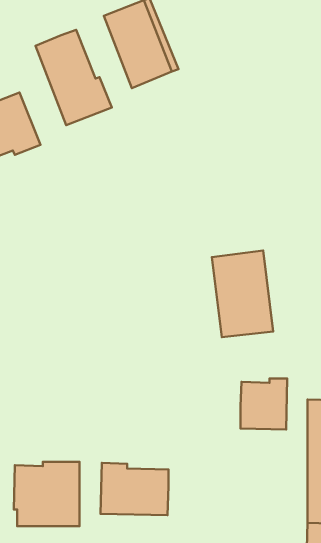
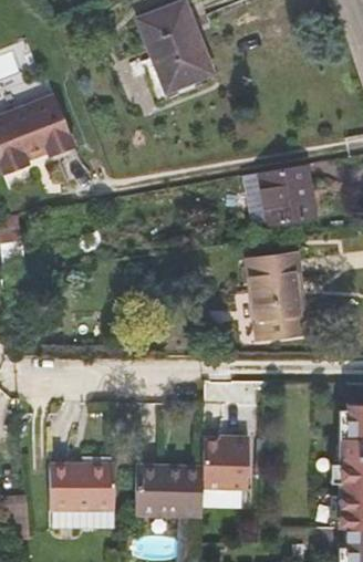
building: [36,30,112,125] -> none
building: none -> [242,164,315,228]
building: [241,378,287,430] -> [203,437,249,488]

